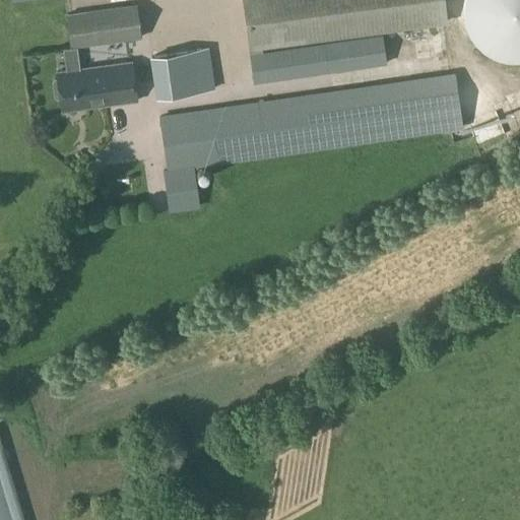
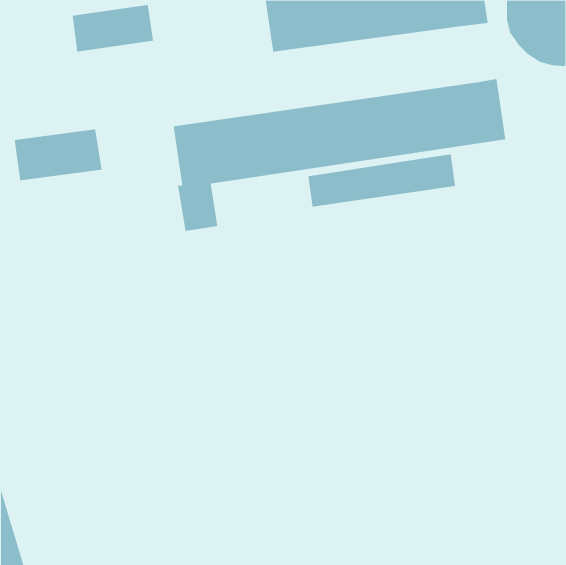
building: [250,36,386,84] -> [307,154,456,207]
building: [149,49,215,99] -> none
building: [56,64,137,112] -> [14,129,102,181]

